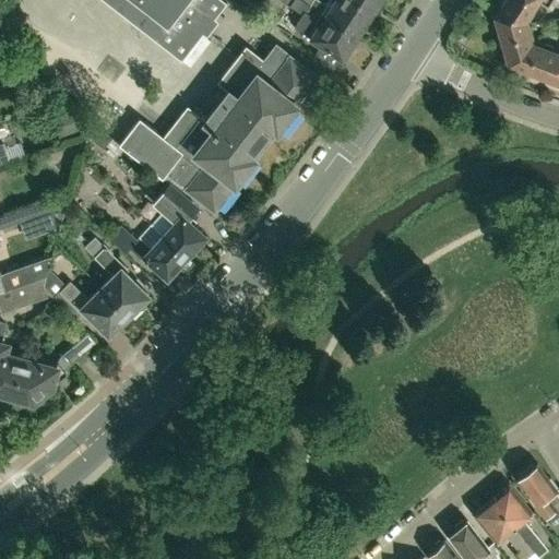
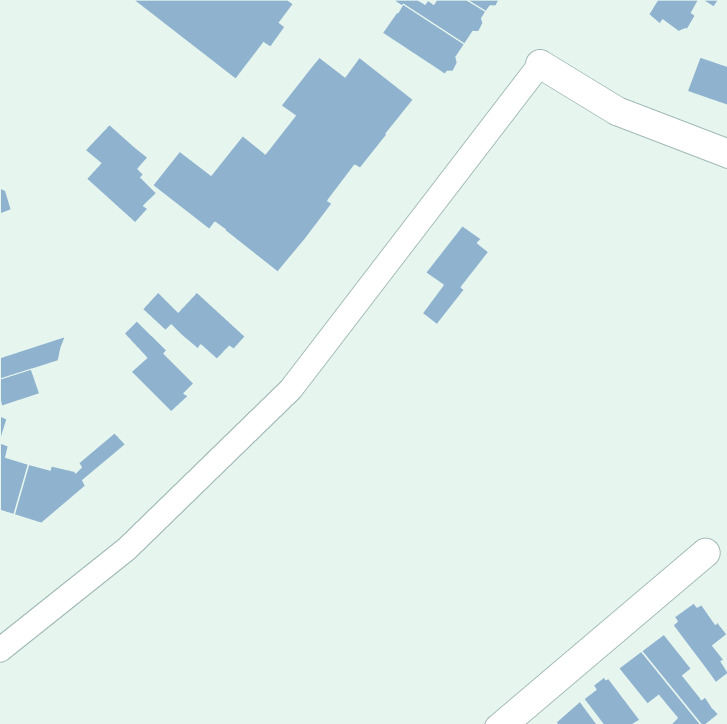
building: [496,14,537,73] -> none
building: none -> [422,226,489,325]
building: [151,186,205,261] -> [85,125,156,223]
building: [60,283,132,337] -> none

